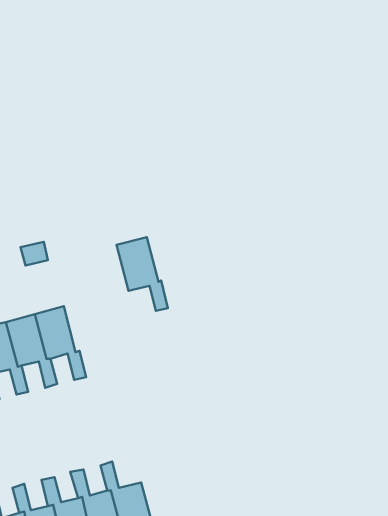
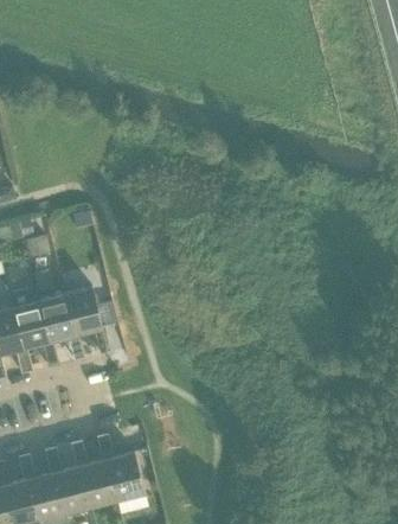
building: [117,237,168,311] -> [64,287,110,353]

